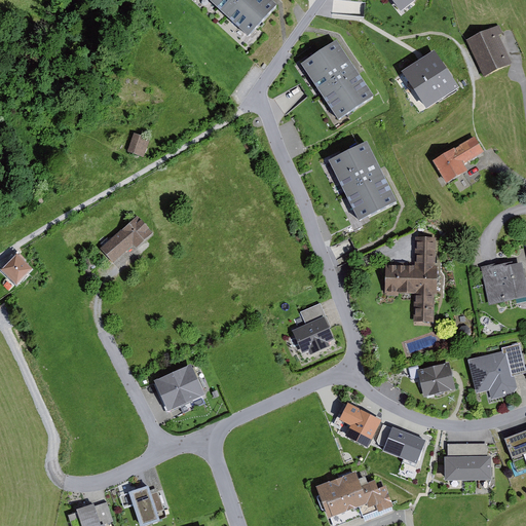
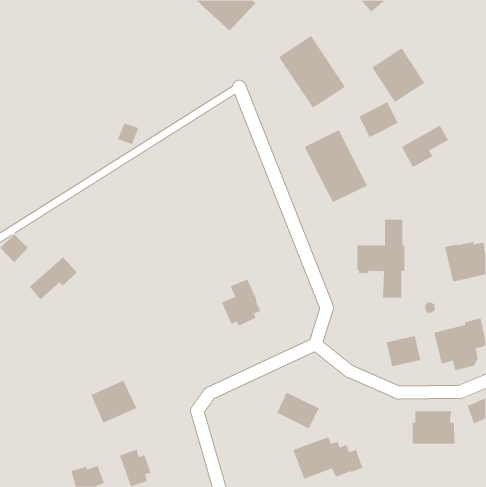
building: [465,24,512,77] -> none
building: none -> [358,102,398,138]
building: [100,215,152,262] -> [29,256,77,300]
building: [291,303,334,354] -> [221,279,261,326]
building: [154,363,204,410] -> [90,380,137,424]
building: [335,404,381,444] -> [277,392,320,429]
building: [381,426,427,466] -> none

